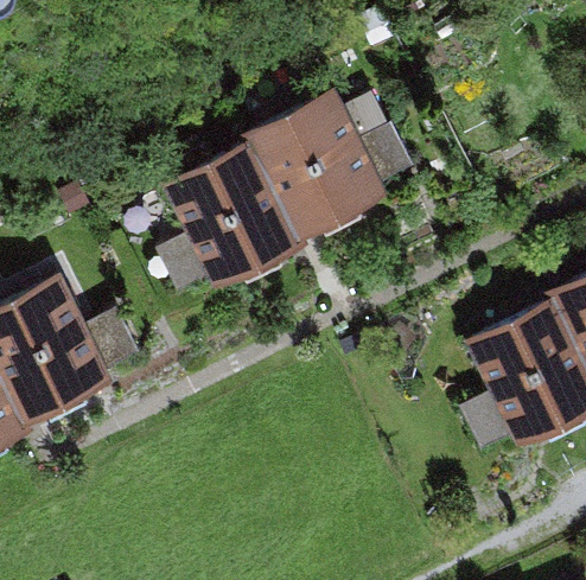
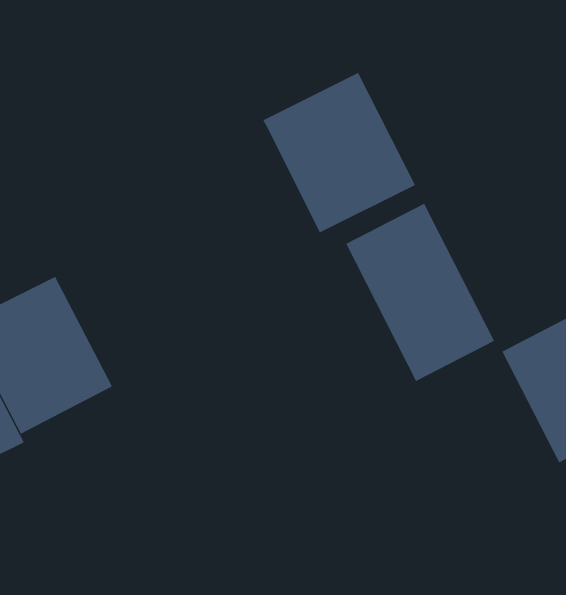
building: [163,144,304,291] -> none
building: none -> [346,203,495,382]

